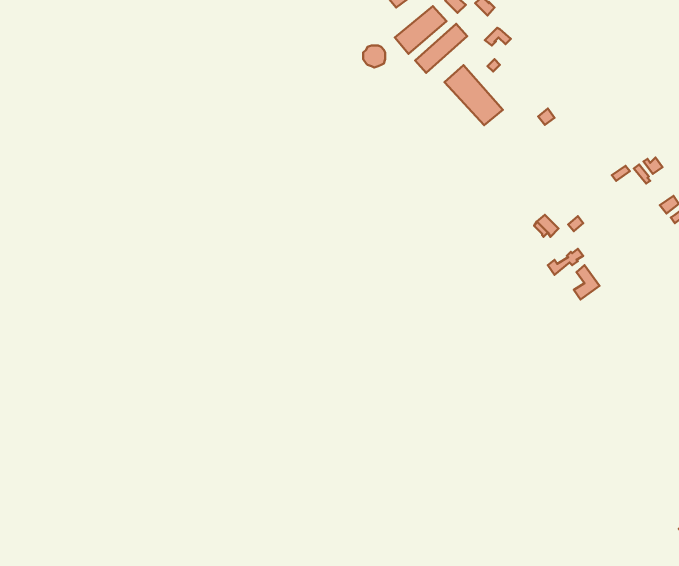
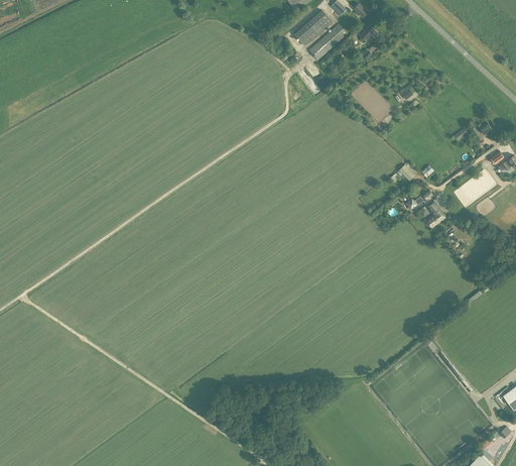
building: [445,65,503,125] -> none

